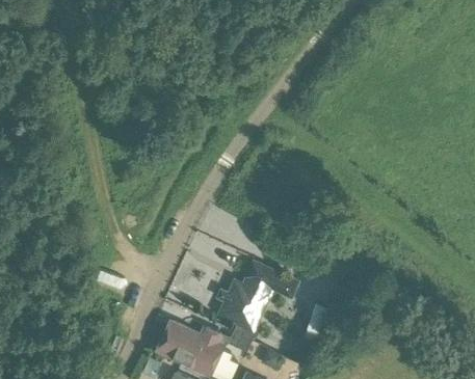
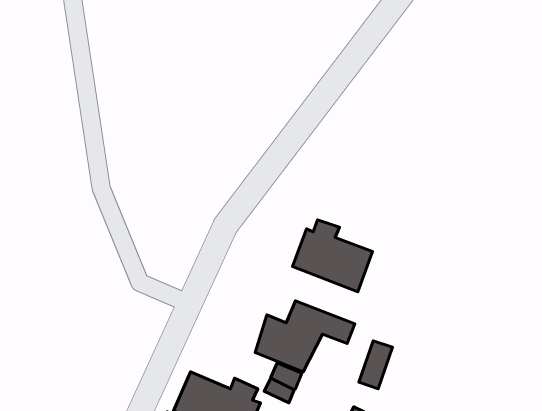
building: none -> [293,220,372,292]

